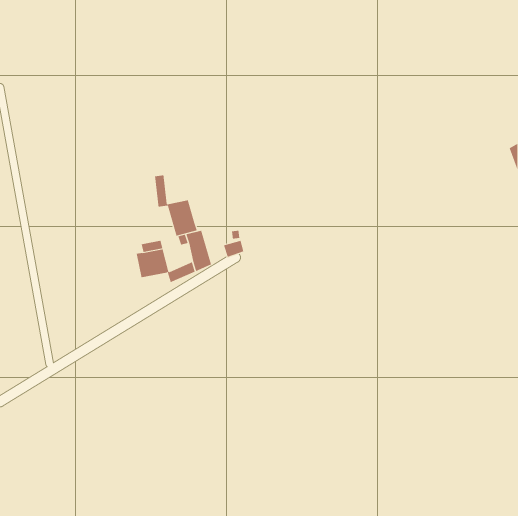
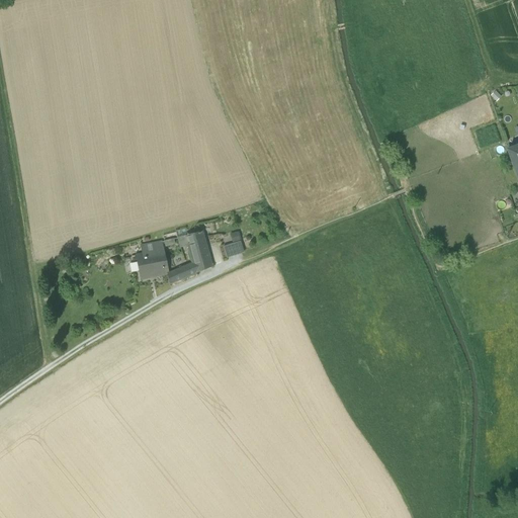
building: [155,174,197,237] -> none

